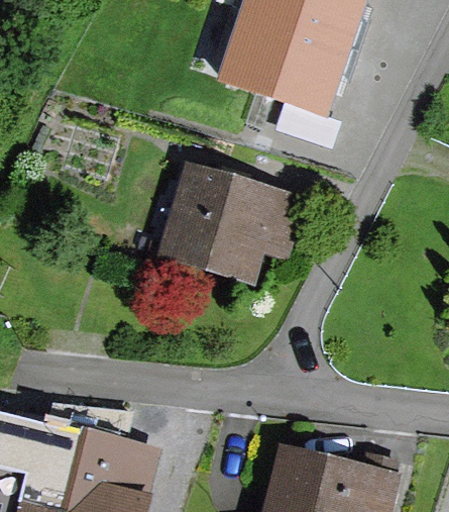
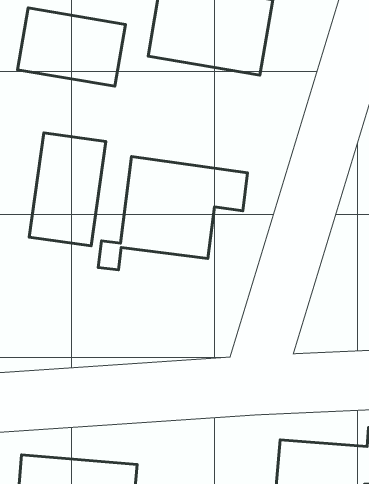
building: none -> [18,8,125,86]
building: none -> [29,133,106,246]

